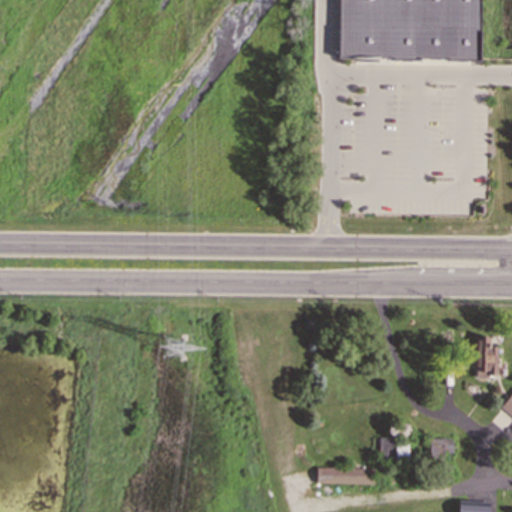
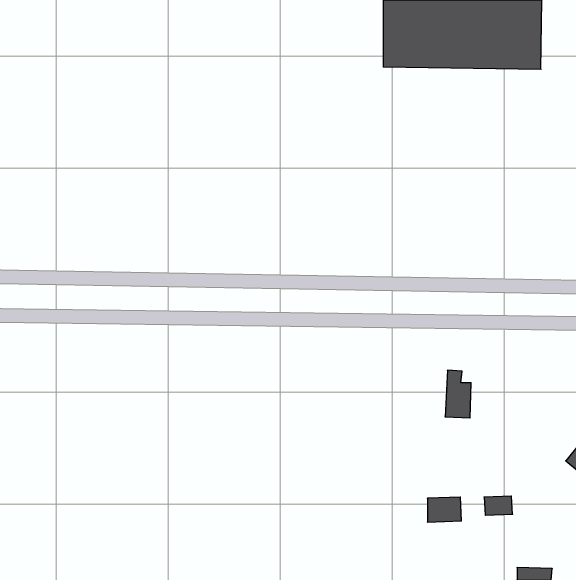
building: [476,335,499,377] -> [445,370,471,418]
building: [318,467,376,483] -> none

